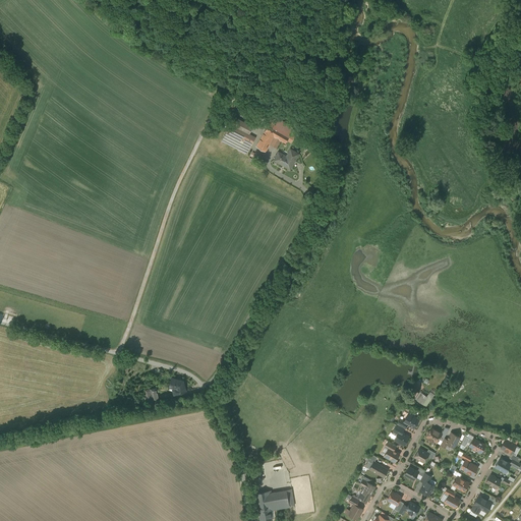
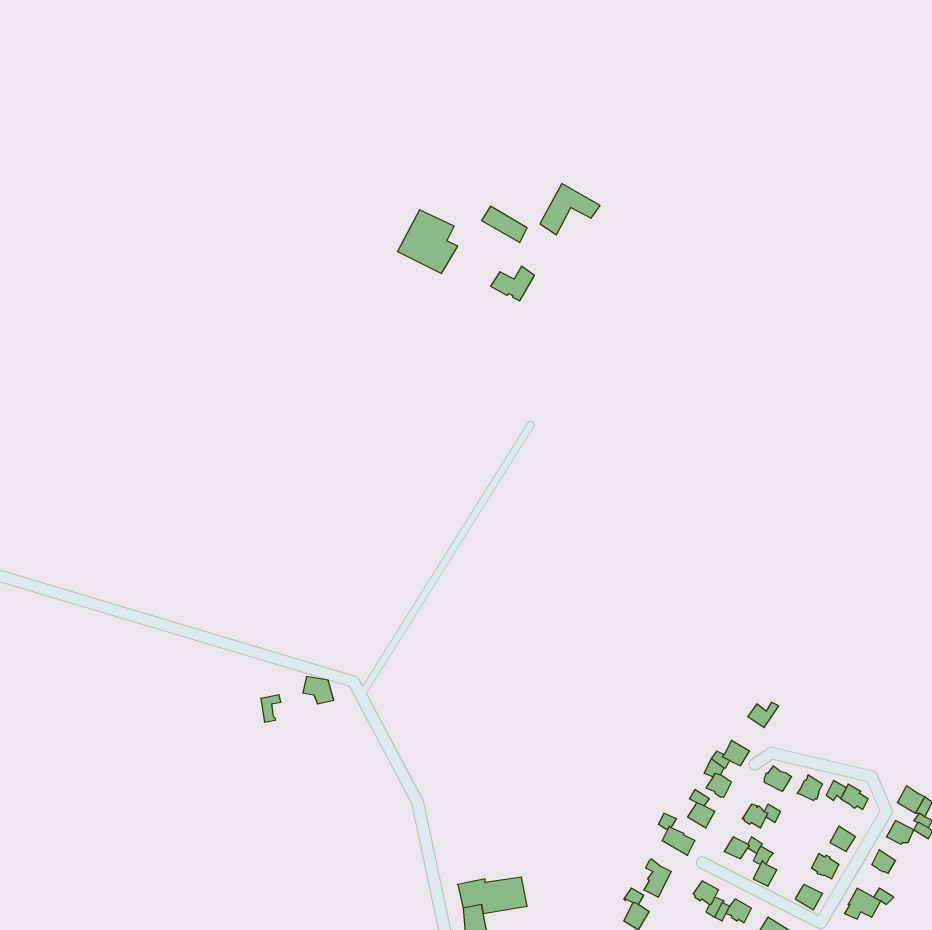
building: [256,124,290,153] -> [540,184,600,235]

